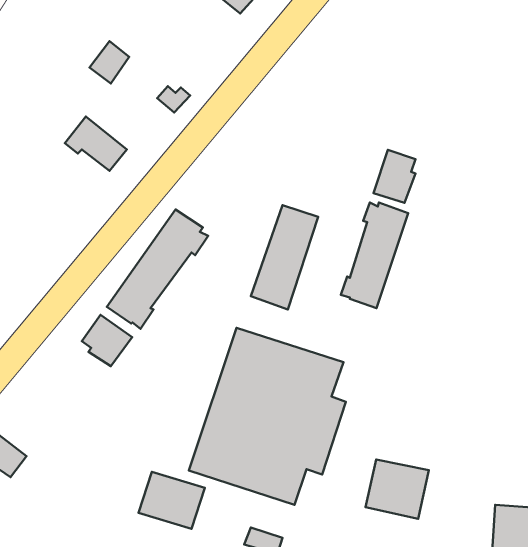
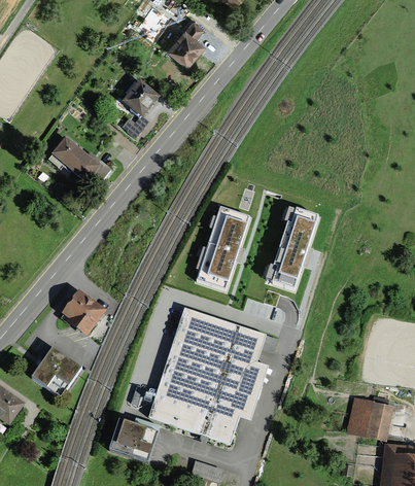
building: [90,41,129,83] -> [124,85,154,118]
building: [373,150,415,203] -> none
building: [107,210,208,329] -> none
building: none -> [31,350,79,400]
building: [365,460,429,519] -> [347,393,396,440]

